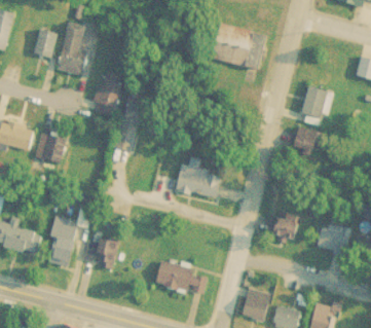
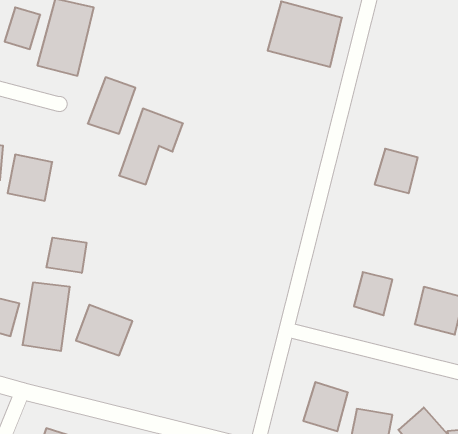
building: [299,85,333,120] -> none
building: [175,157,221,197] -> none
building: none -> [46,238,86,273]
building: [154,262,207,293] -> none

